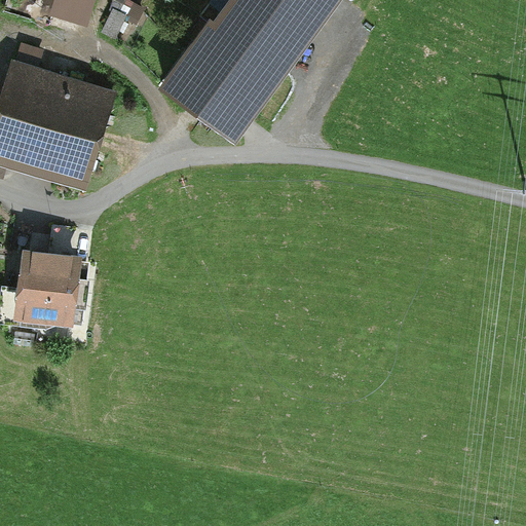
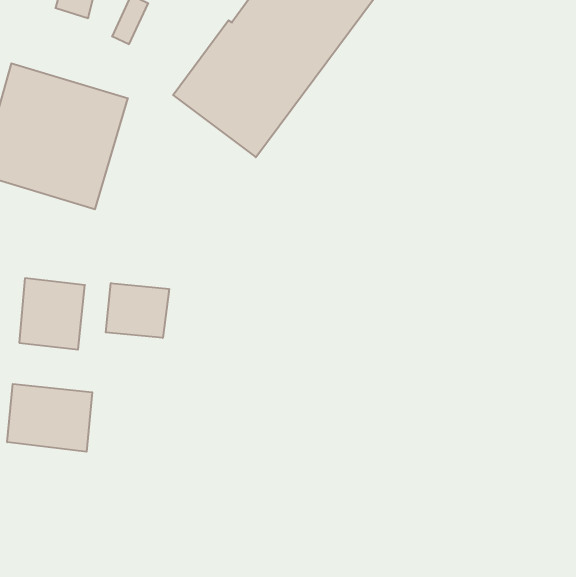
building: none -> [106,283,169,338]
building: none -> [7,384,92,452]

